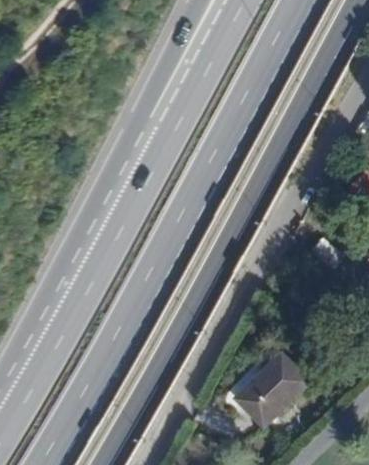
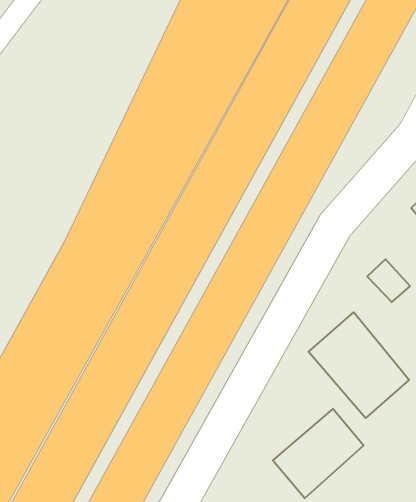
building: none -> [309,312,409,418]

